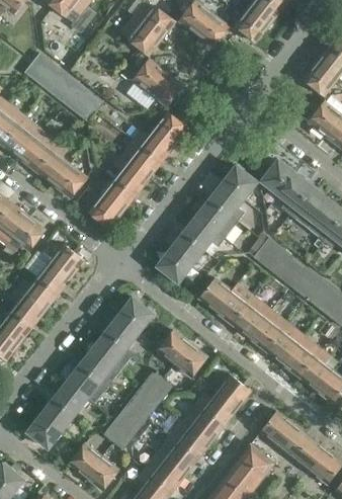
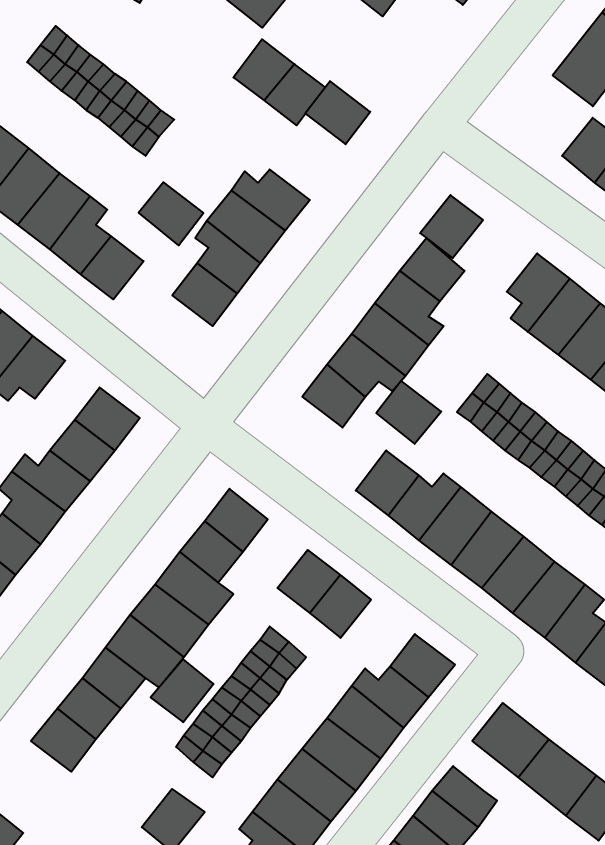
building: [153,111,187,145] -> [305,81,370,144]
building: [261,160,294,193] -> [420,195,483,258]
building: [88,195,122,229] -> [139,182,203,245]
building: [157,249,191,282] -> [376,381,441,444]
building: [68,443,101,477] -> [151,659,214,722]

